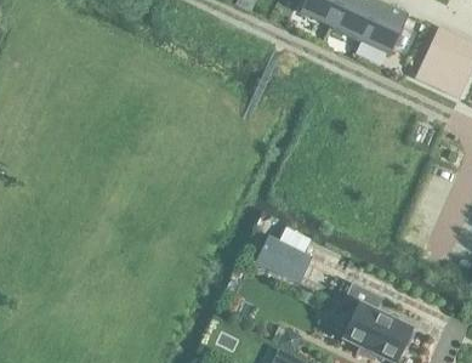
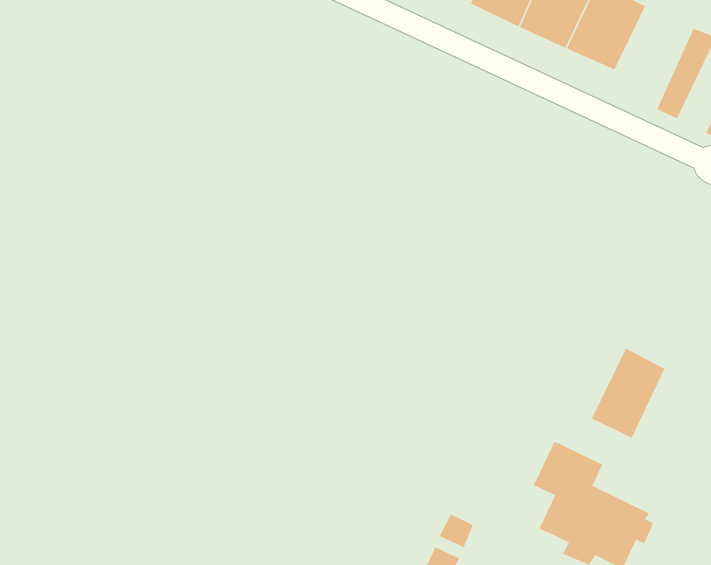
building: none -> [591,347,666,439]
building: [252,232,309,280] -> none

